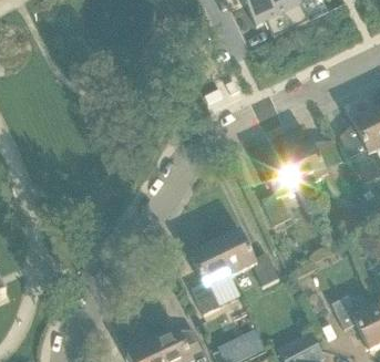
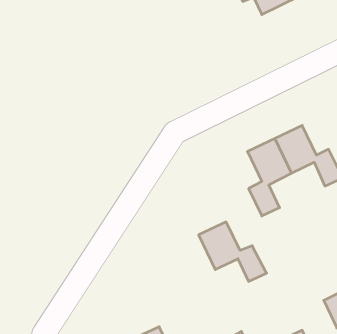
building: [188,240,239,312] -> none

